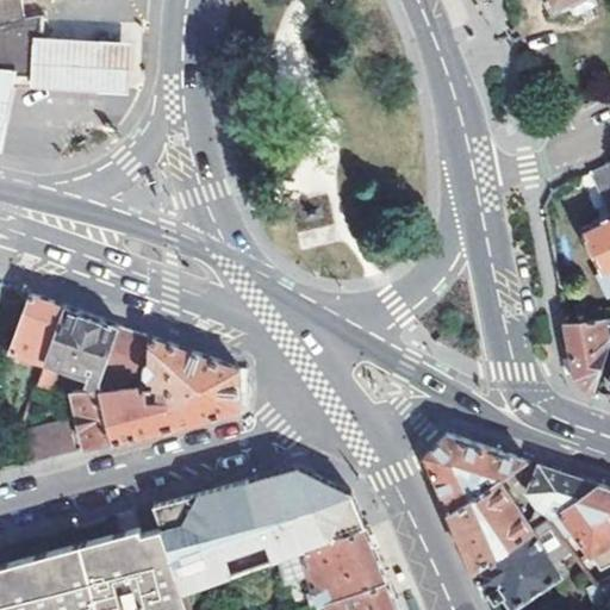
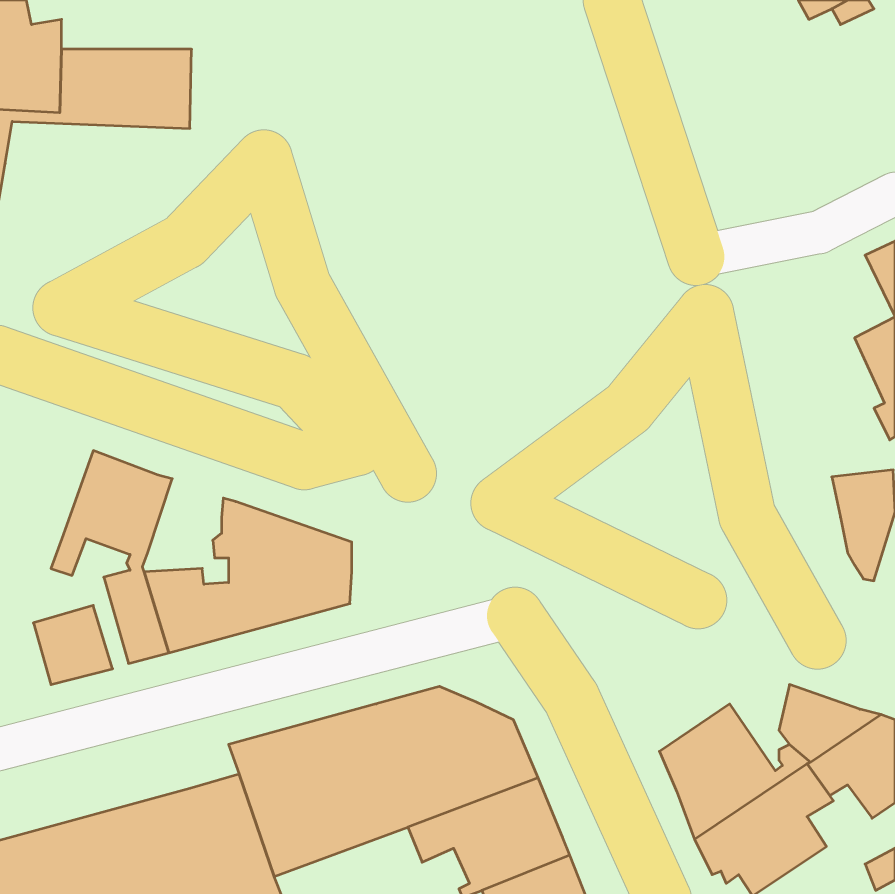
building: [10,297,63,366] -> none
building: [100,328,144,387] -> none
building: [424,437,522,512] -> none

